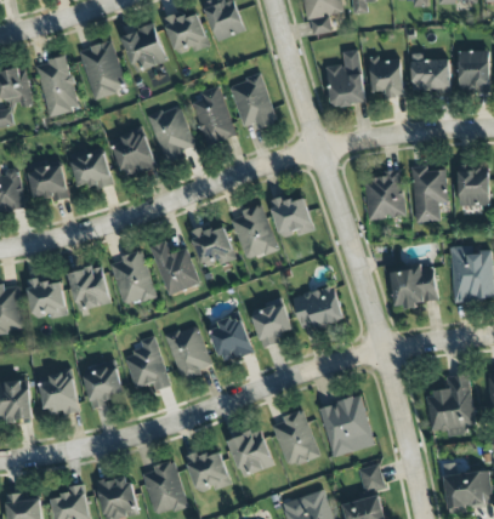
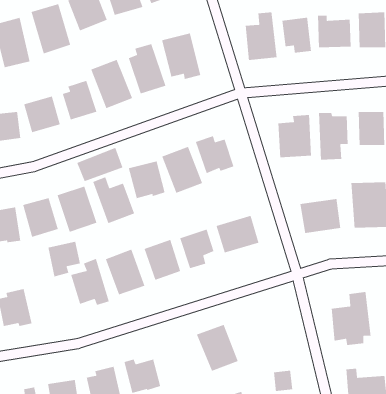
building: none -> [76,147,123,182]
building: [84,366,123,409] -> [47,241,81,277]
building: [318,395,374,457] -> none
building: [227,428,274,477] -> none

